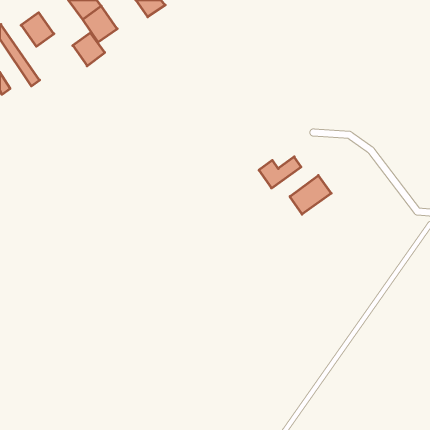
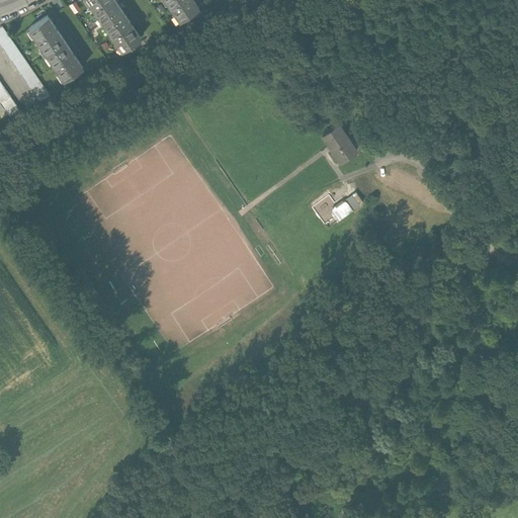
building: [73,33,105,66] -> [44,41,82,81]
building: none -> [321,122,359,163]
building: [290,175,331,214] -> none

